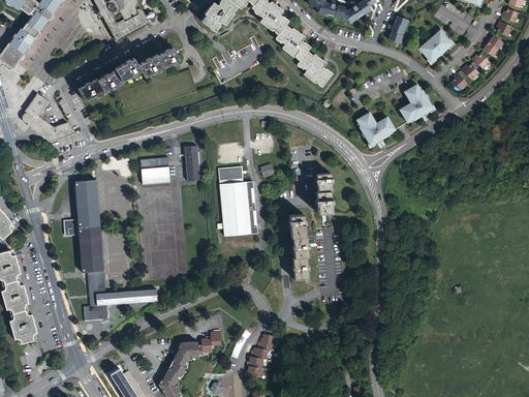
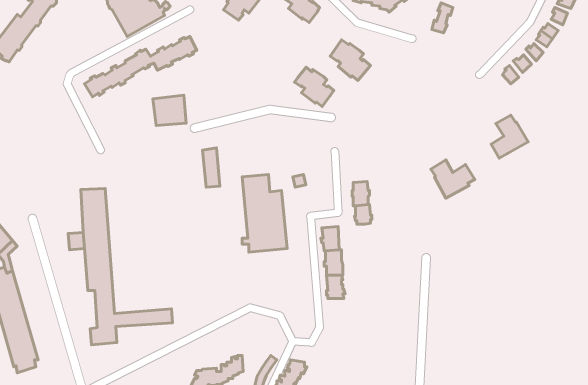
building: [276,24,311,59] -> [294,67,334,107]
building: [419,29,453,61] -> none
building: [400,84,433,122] -> [491,115,528,158]
building: [22,94,73,140] -> none
building: [356,112,396,146] -> [431,160,475,198]
building: [141,157,170,184] -> [153,95,186,125]

